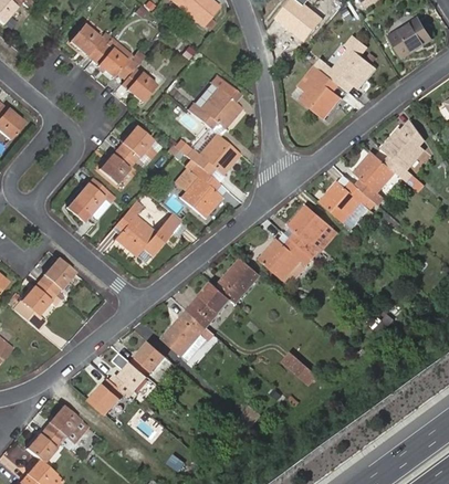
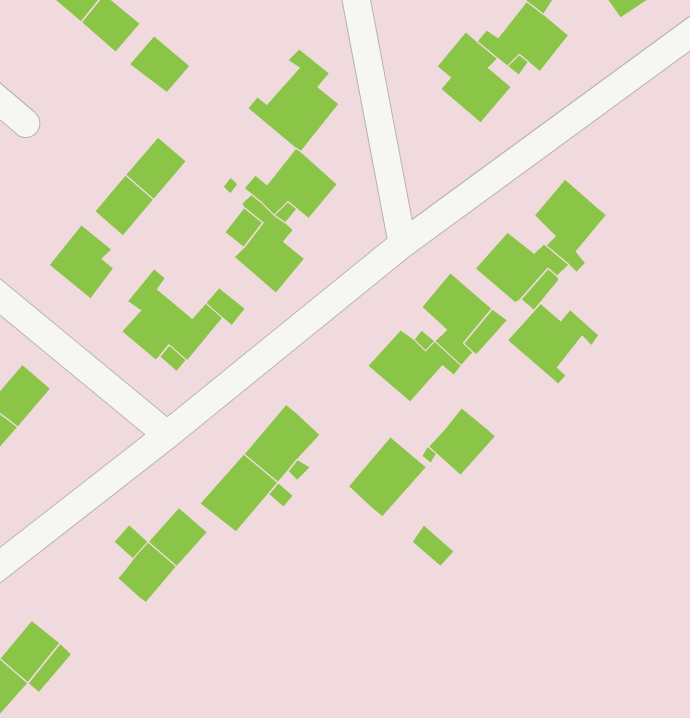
building: [382,120,424,181] -> none
building: none -> [507,303,599,385]
building: [216,256,261,303] -> [348,437,426,517]
building: none -> [429,408,495,475]
building: [88,377,125,413] -> none

